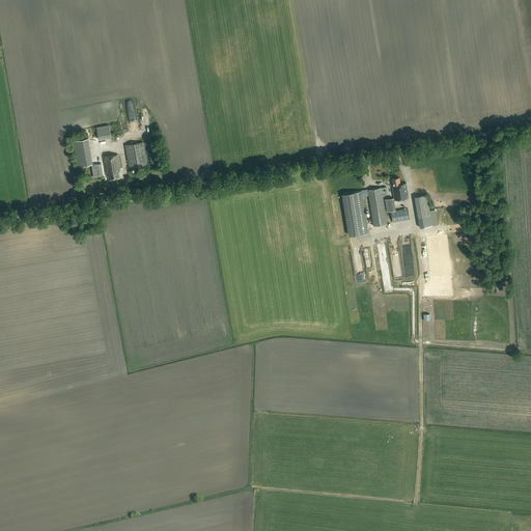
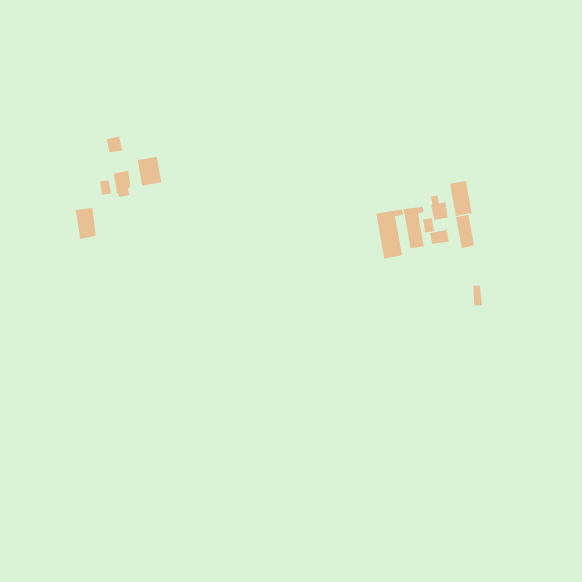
building: [73,138,92,167] -> [75,207,97,239]
building: none -> [450,180,472,217]

